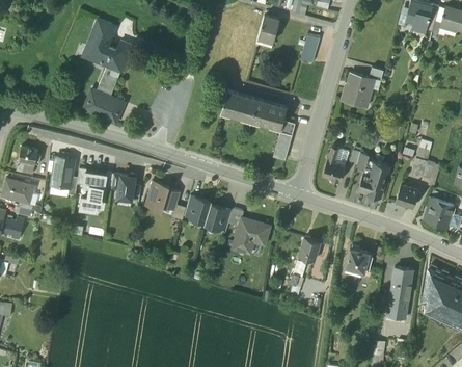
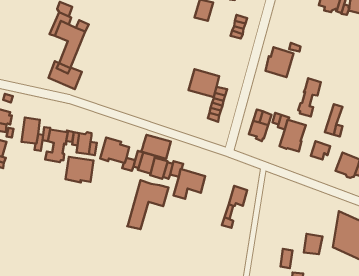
building: [220,90,257,124] -> none
building: none -> [298,78,321,116]
building: none -> [141,135,171,159]
building: none -> [66,157,94,182]
building: none -> [127,180,169,229]
building: [345,244,373,271] -> none
building: [390,267,412,297] -> none

